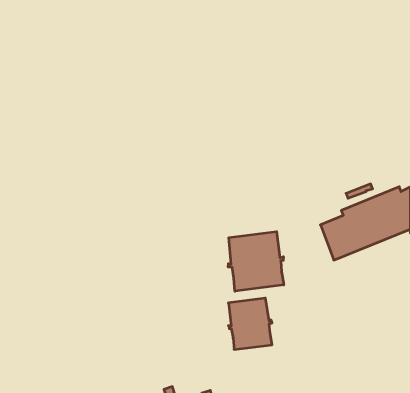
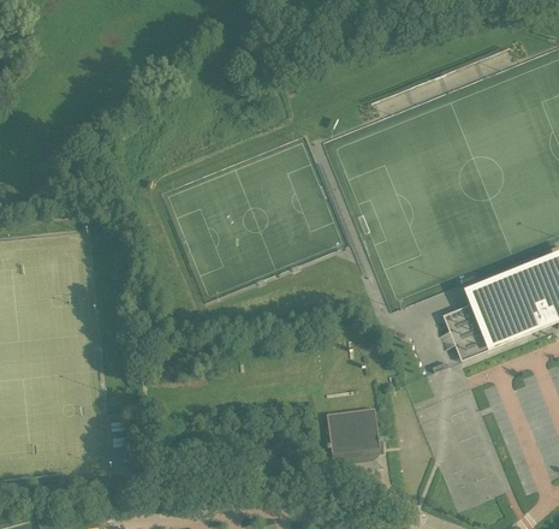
building: [228,232,284,291] -> none

